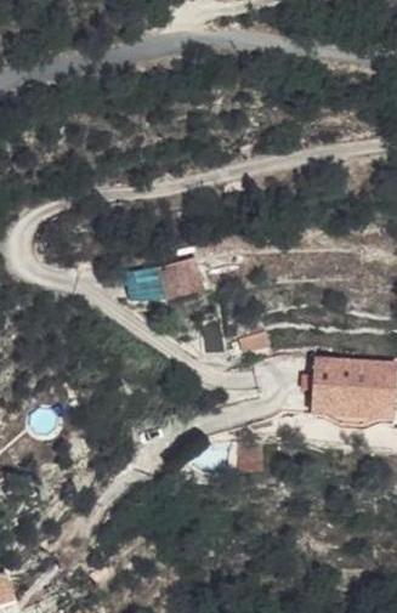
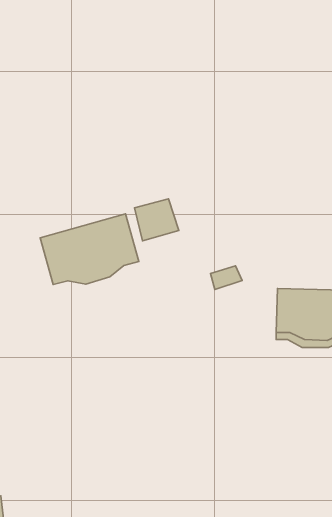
building: none -> [40,214,139,284]

